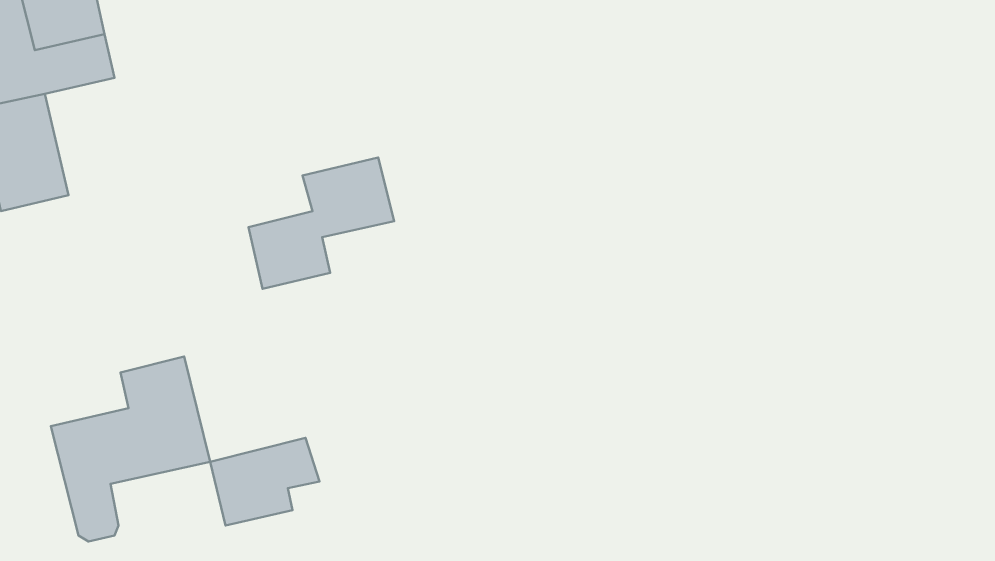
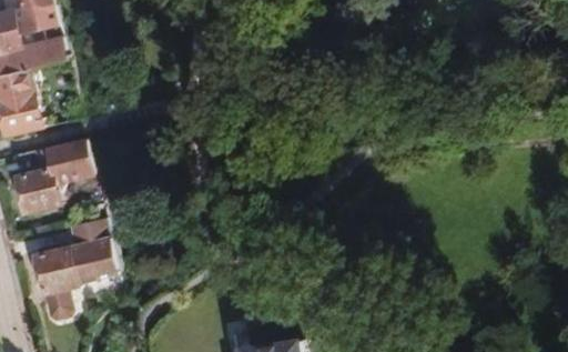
building: [249,157,394,289] -> [11,139,92,212]
building: [210,438,320,525] -> none

